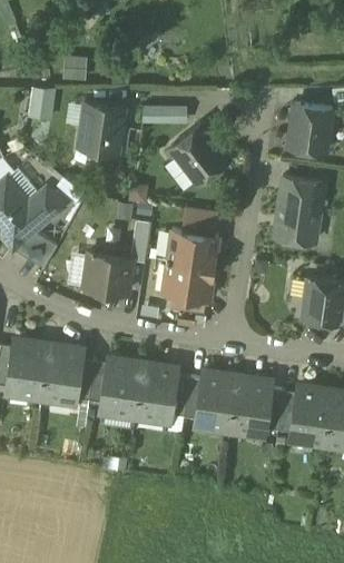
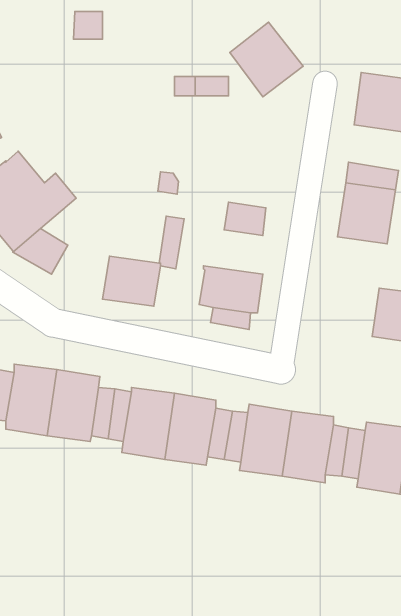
building: [30,88,56,119] -> none
building: [79,102,125,151] -> none
building: [171,124,230,184] -> [230,22,303,97]
building: [167,230,219,267] -> none

